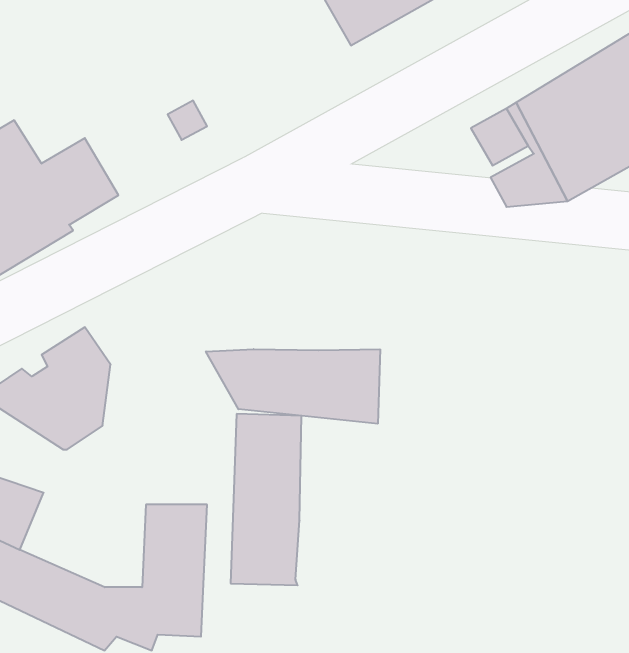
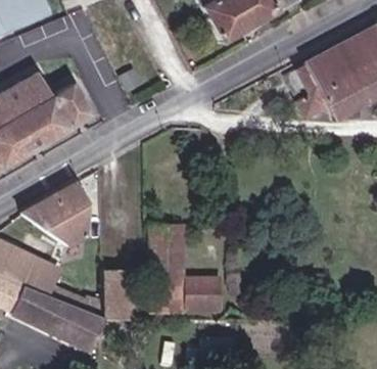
building: [206,349,380,424] -> none
building: none -> [192,281,228,313]

